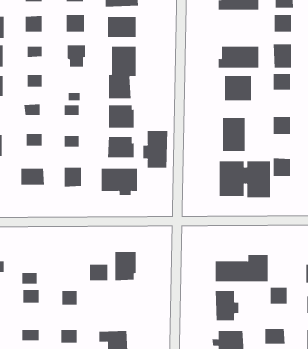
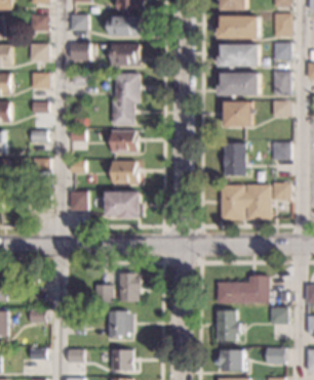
building: none -> [218,44,259,66]
building: [143,130,168,169] -> none
building: none -> [106,310,125,337]

